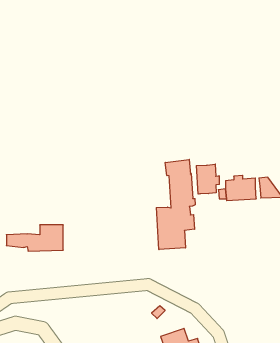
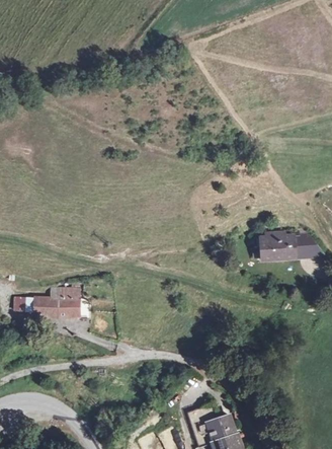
building: [156,159,195,250] -> none
building: [196,164,219,194] -> none

